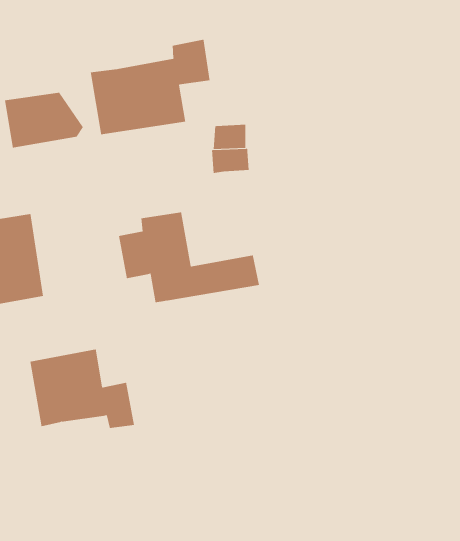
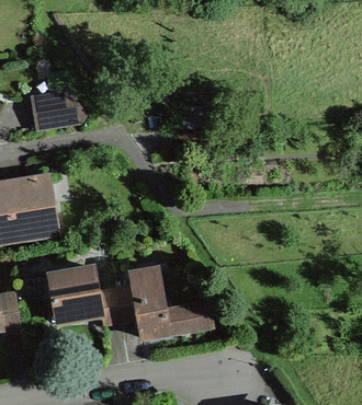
building: [90,39,210,135] -> none
building: [118,212,260,303] -> [114,274,212,336]

